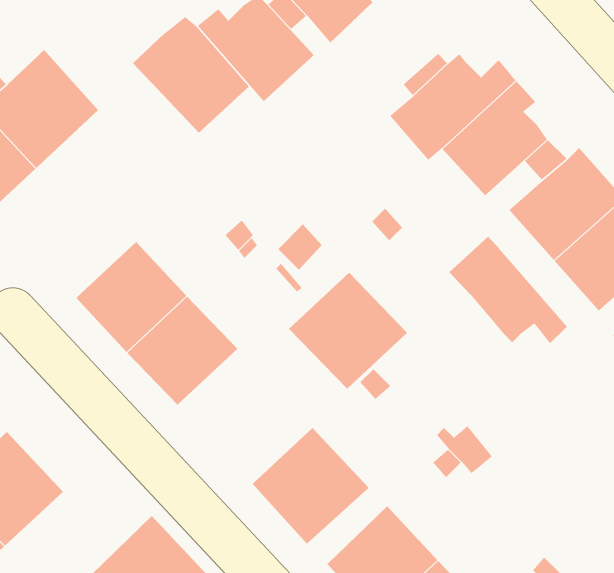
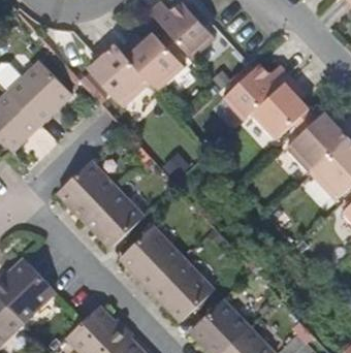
building: [448,236,568,344] -> none
building: [288,272,408,389] -> [121,228,184,290]

